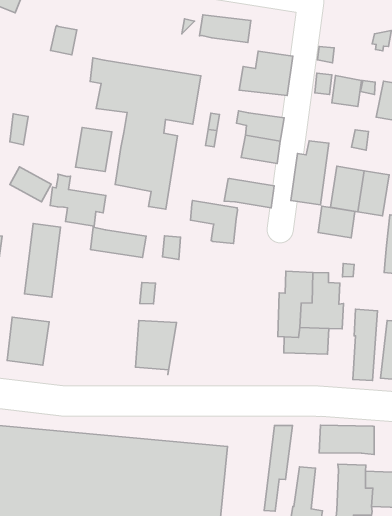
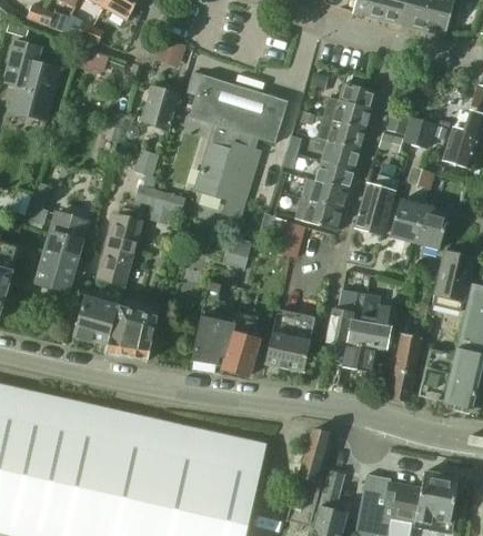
building: [199,15,251,43] -> [316,119,365,150]
building: [75,128,112,172] -> [141,87,179,130]
building: none -> [302,179,348,211]
building: [10,167,51,202] -> none
building: [318,206,355,238] -> none
building: [91,227,146,258] -> none
building: none -> [266,311,314,373]
building: none -> [221,321,260,377]
building: none -> [107,307,158,361]
building: [319,425,374,455] -> none

